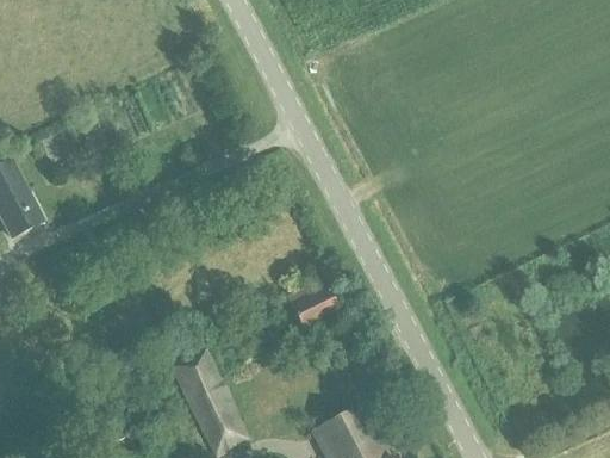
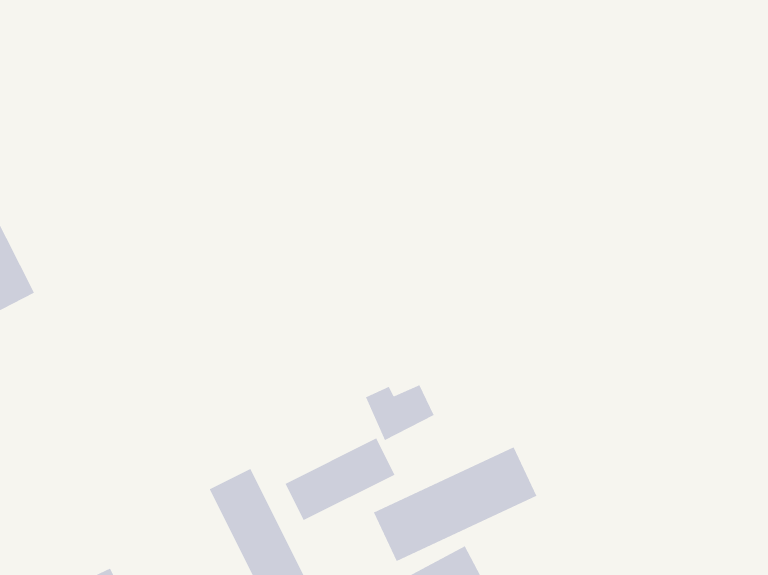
building: none -> [285,438,395,521]
building: none -> [373,447,537,562]

